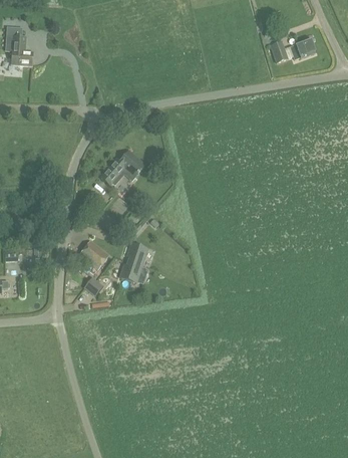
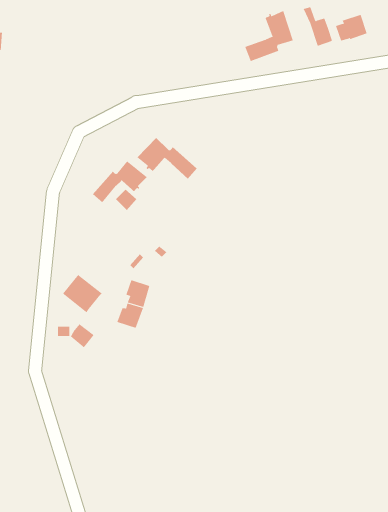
building: none -> [245,10,294,62]
building: none -> [136,137,198,179]

